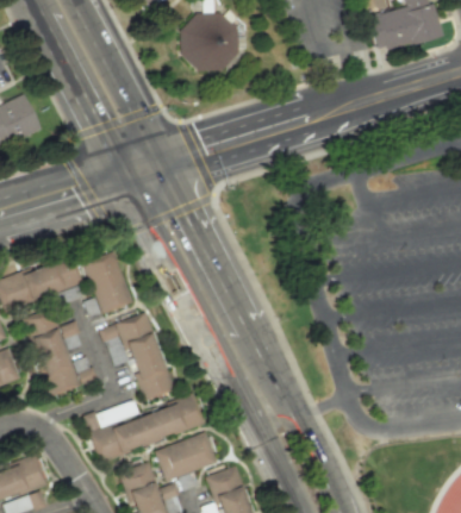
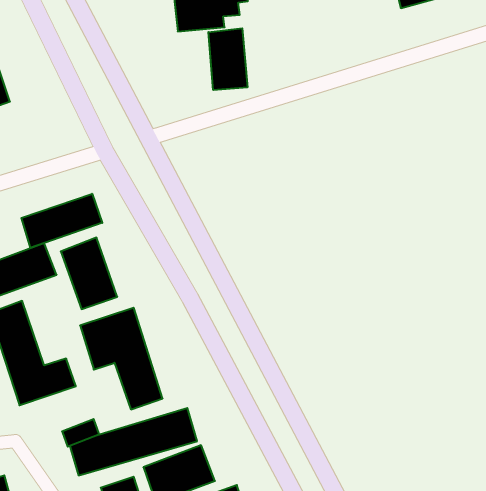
building: none -> [208,28,247,90]
building: none -> [21,194,102,248]

